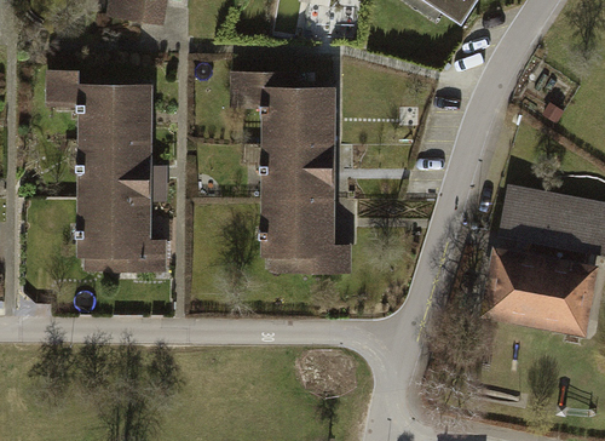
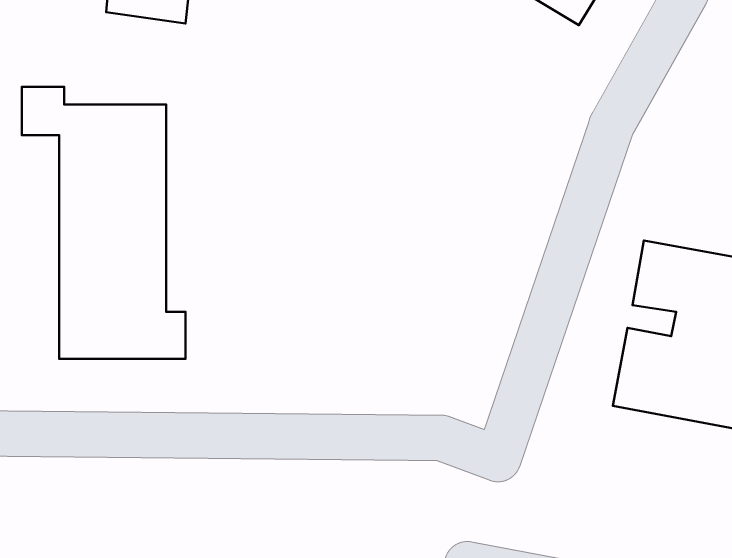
building: [230,71,357,276] -> none

